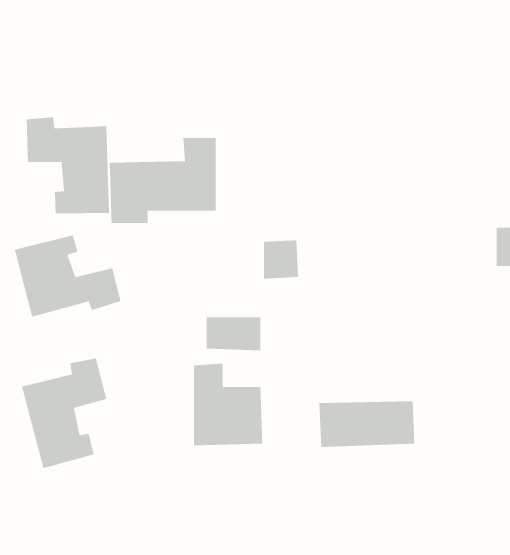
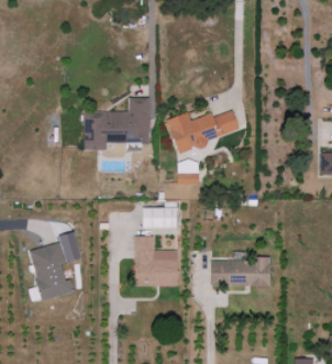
building: [26,117,110,214] -> none
building: none -> [166,110,240,152]
building: [14,235,121,317] -> none

